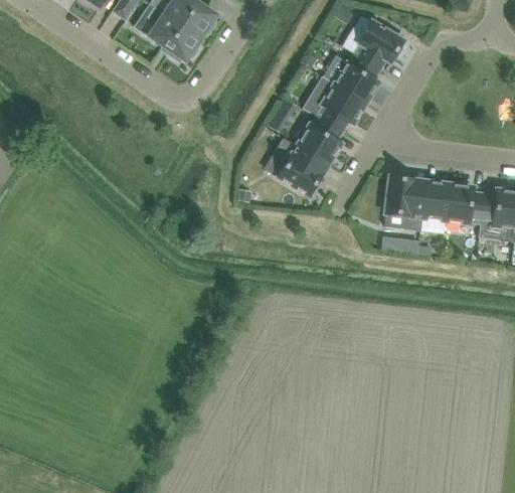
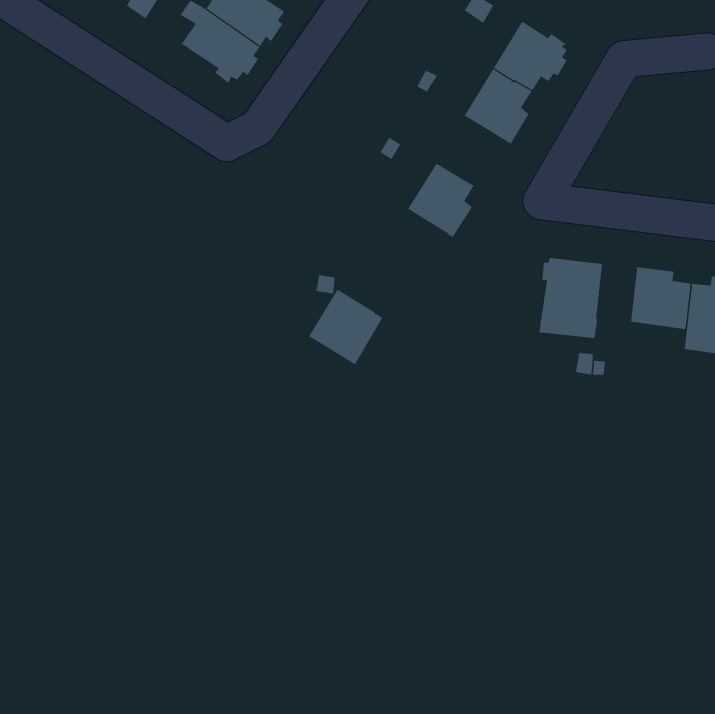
building: [316,83,365,129] -> none
building: [278,144,327,194] -> [308,289,383,365]
building: [421,180,448,218] -> none

